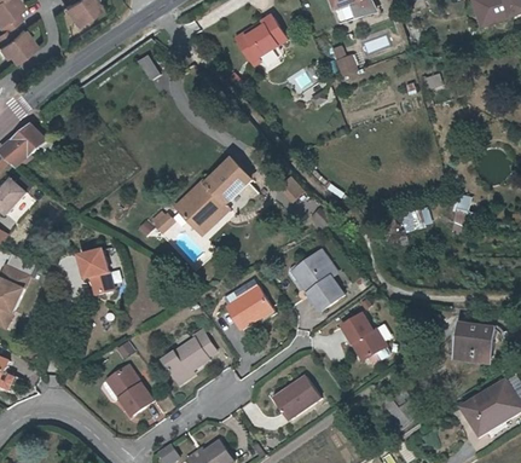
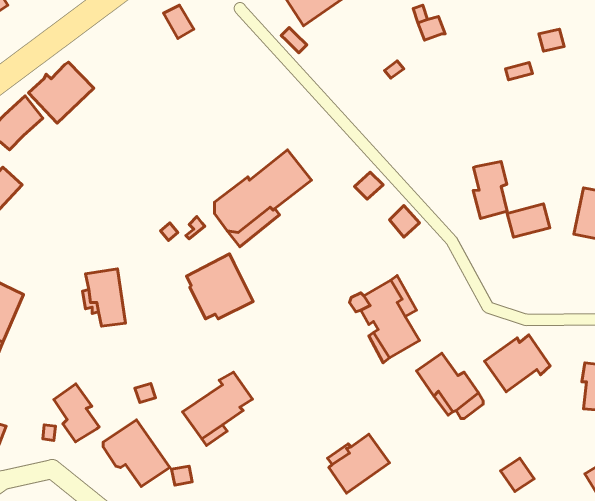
building: none -> [29,62,94,123]
building: none -> [473,162,507,218]
building: [221,280,272,330] -> [187,254,253,319]
building: none -> [485,335,550,392]
building: none -> [54,384,99,442]

